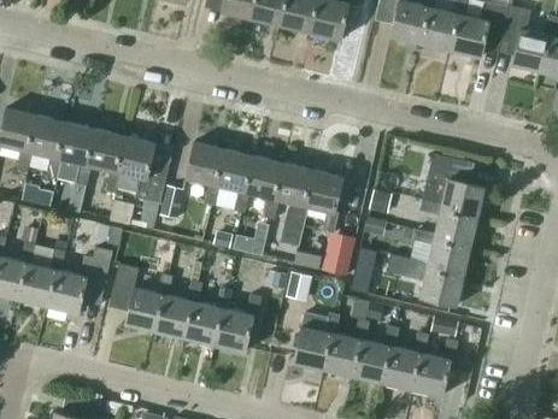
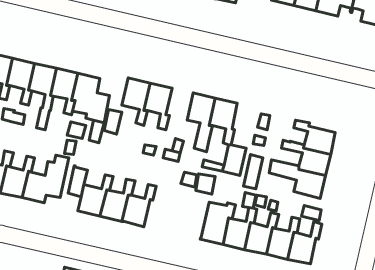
building: [422,153,483,216] -> none
building: [245,155,282,219] -> none
building: [215,294,262,350] -> none

